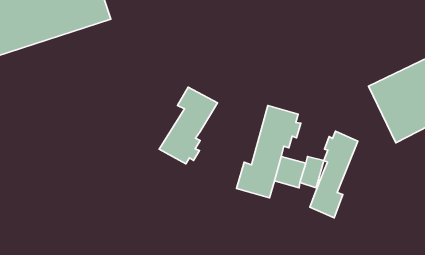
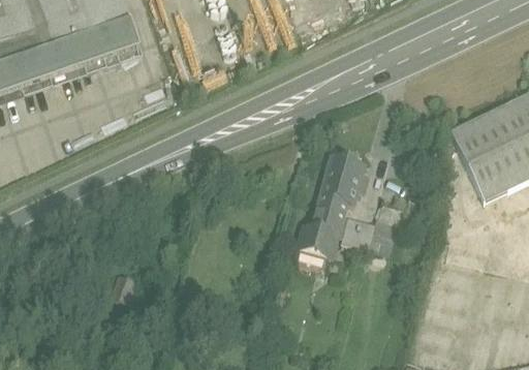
building: [159,87,217,164] -> none
building: [310,131,358,218] -> none

